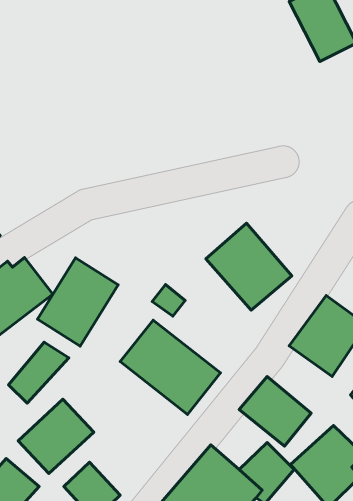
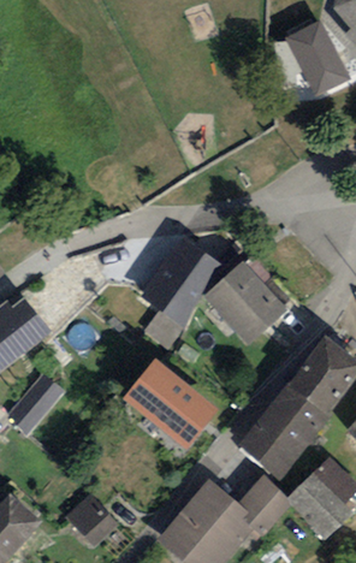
building: [37,258,118,346] -> [141,235,220,321]
building: none -> [265,380,333,446]
building: [18,399,94,474] -> none

